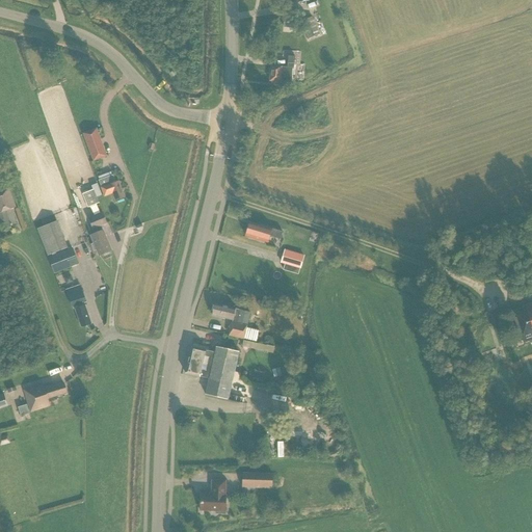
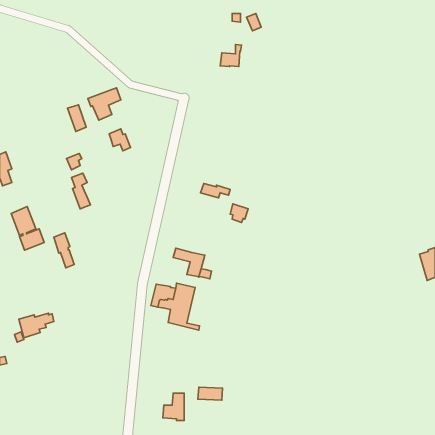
building: none -> [88,88,121,120]
building: [98,174,124,201] -> [109,129,130,151]
building: [36,219,77,272] -> [11,207,44,250]

